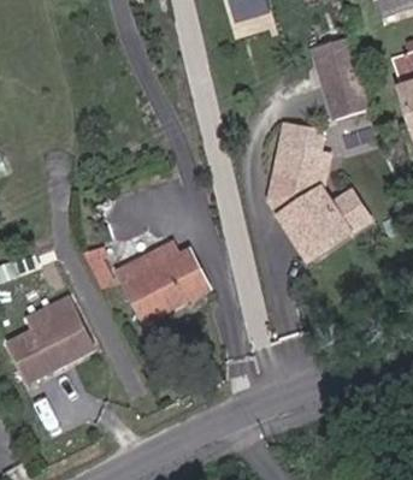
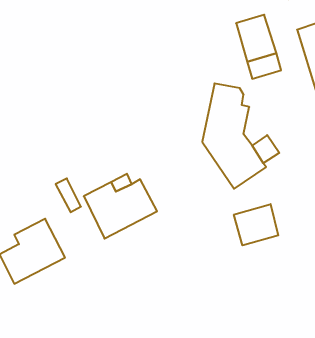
building: none -> [234,204,278,245]

